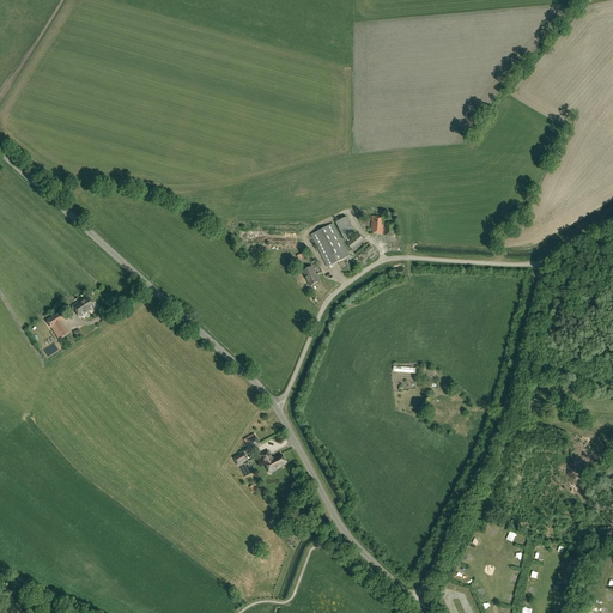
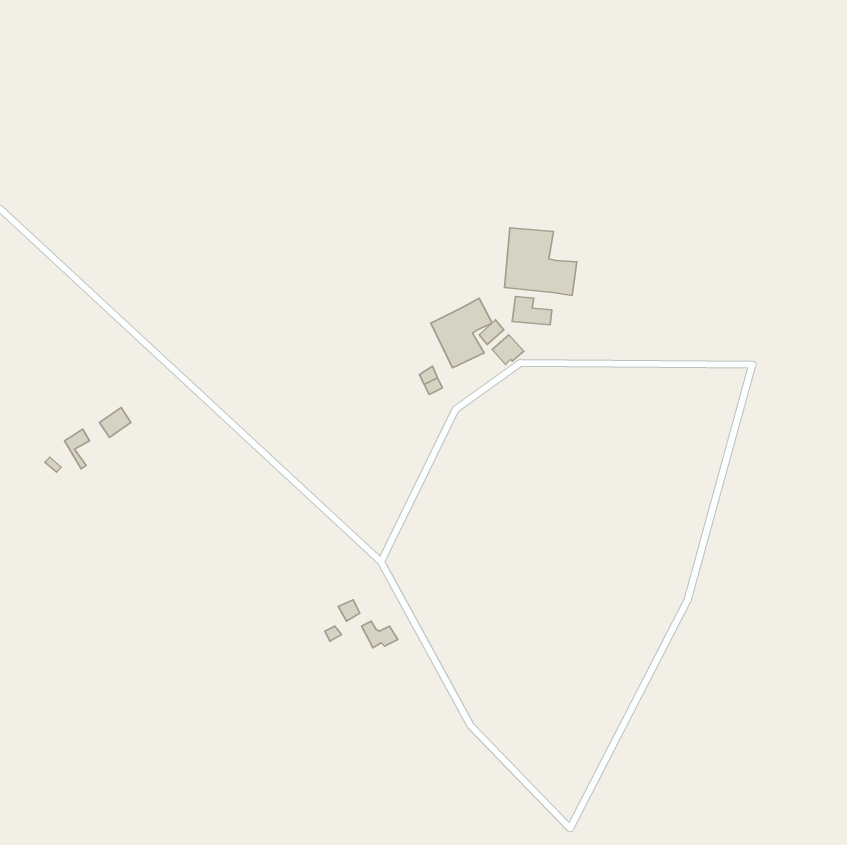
building: none -> [504,228,577,295]

